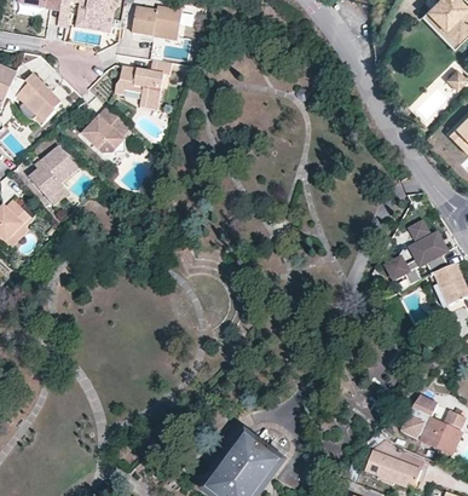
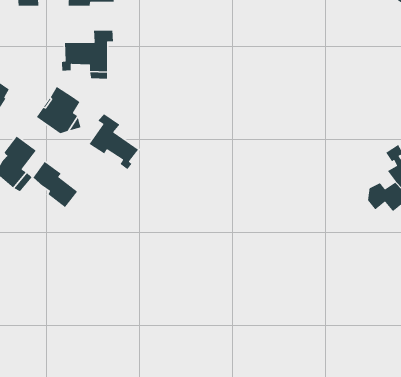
building: none -> [89,113,139,170]
building: none -> [33,161,78,208]

